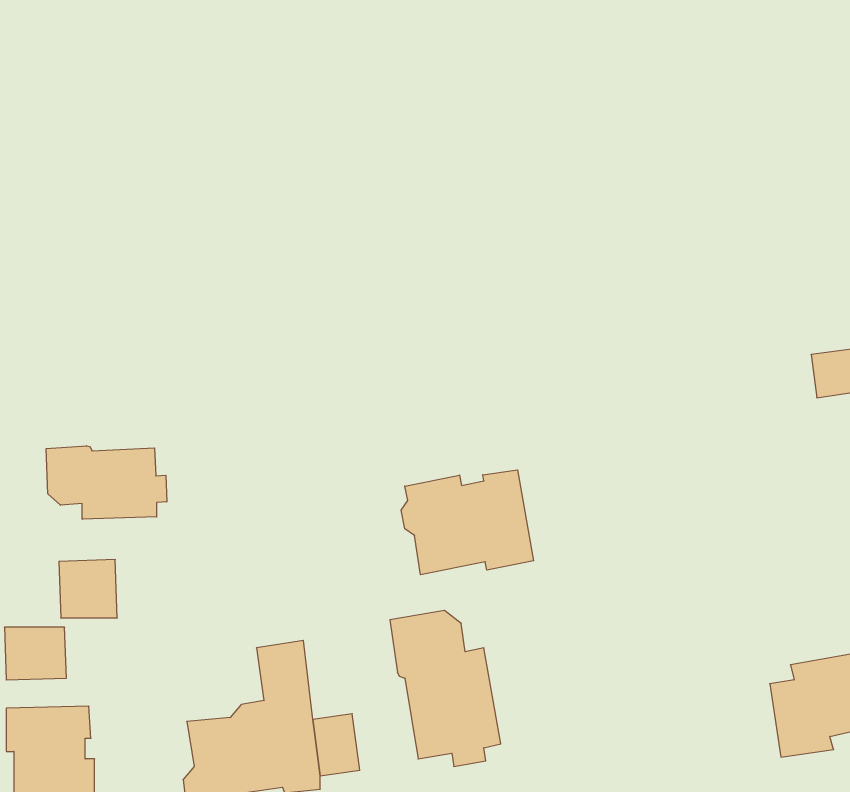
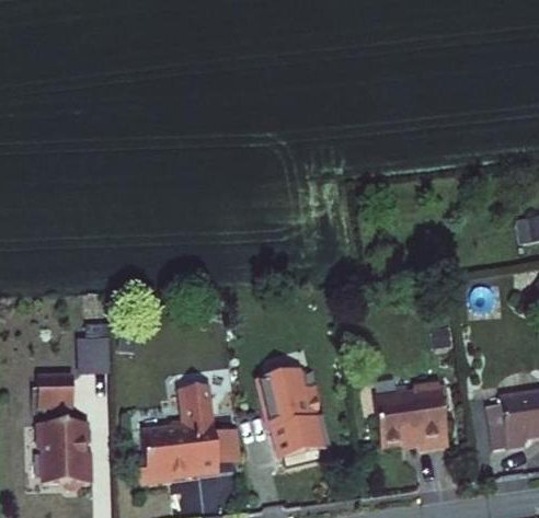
building: [46,446,167,519] -> none
building: [401,470,534,575] -> none
building: none -> [369,383,444,450]

